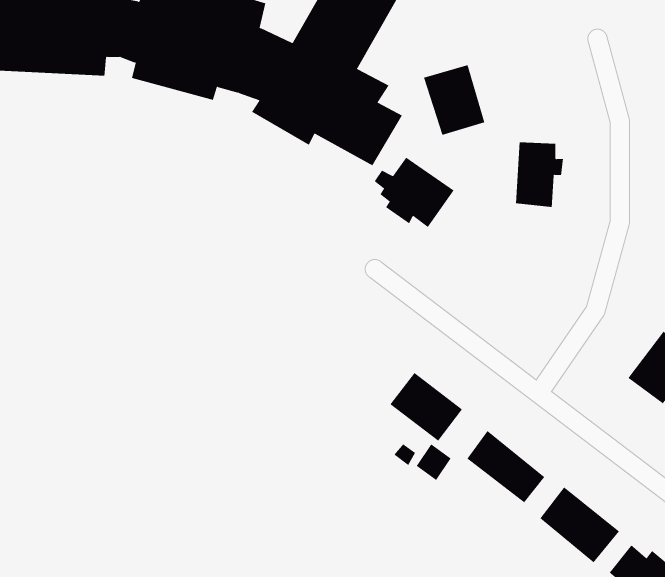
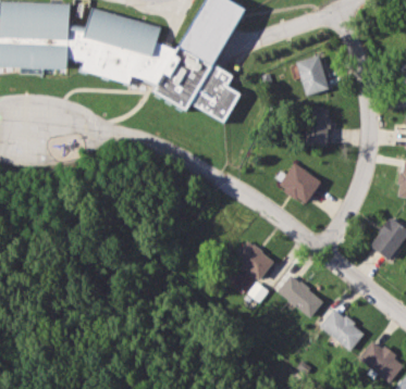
building: [423,64,485,136] -> [294,54,330,96]
building: [374,157,454,228] -> [274,163,321,204]

